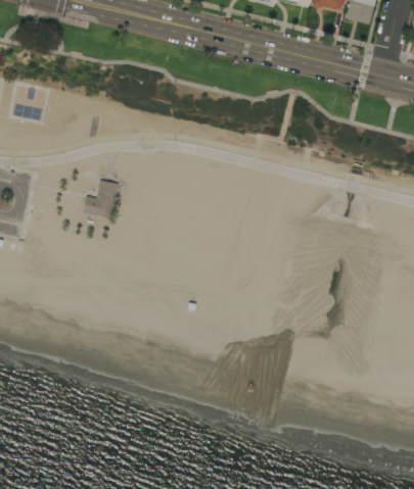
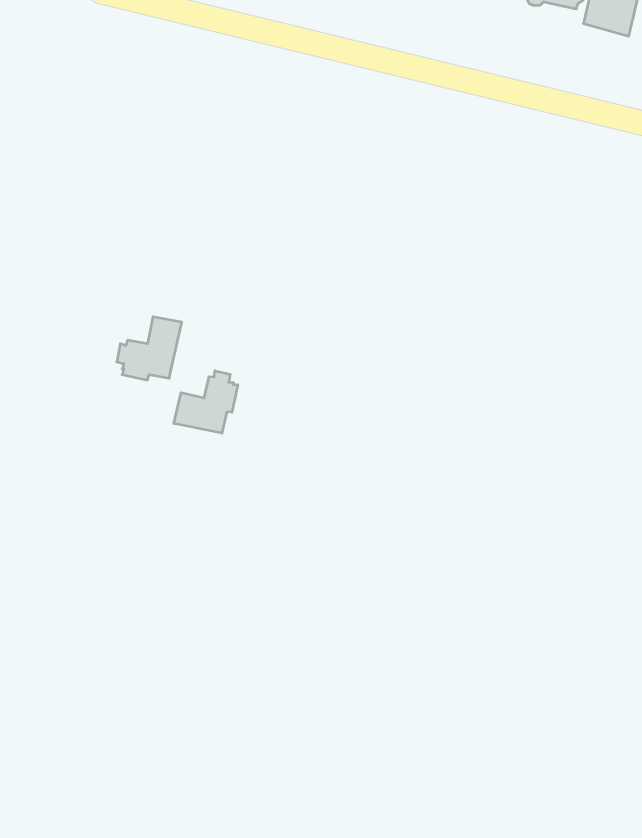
building: none -> [174,371,238,433]

